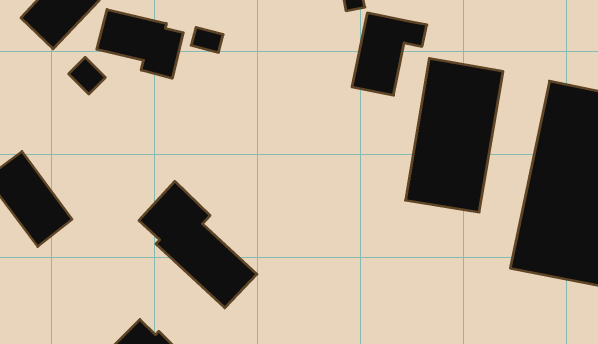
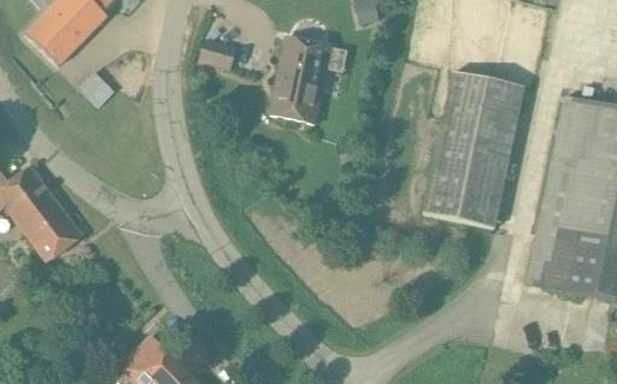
building: [97,9,183,78] -> none
building: [352,13,427,95] -> [272,40,348,123]
building: [139,181,257,308] -> none

